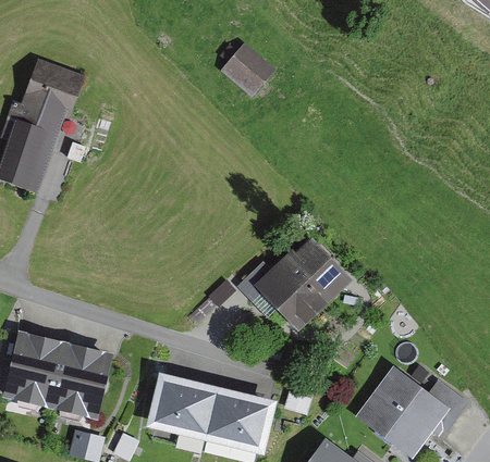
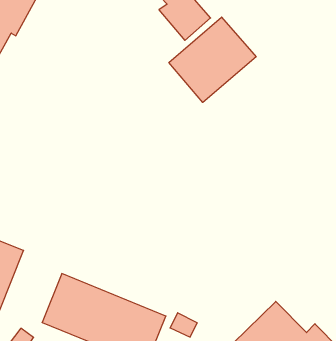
building: none -> [169,17,256,102]
building: [235,238,352,330] -> none

